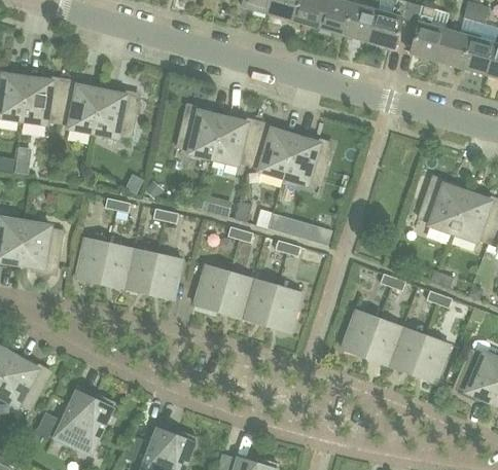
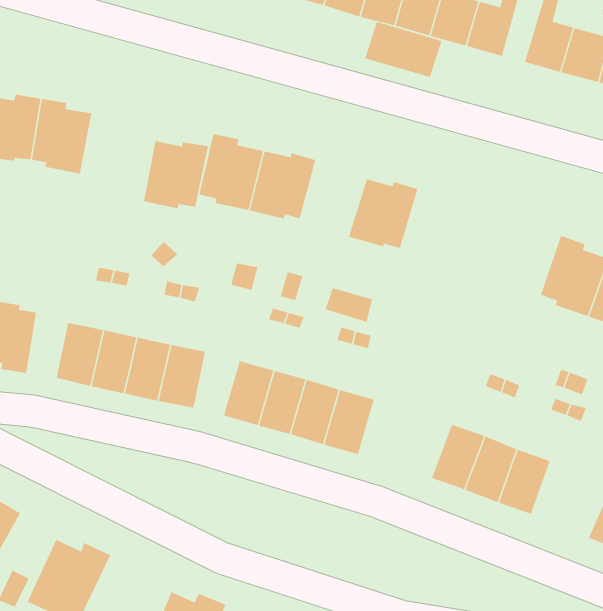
building: none -> [364,21,442,78]
building: [94,89,140,138] -> [143,140,209,209]
building: [249,122,295,177] -> none
building: [413,335,450,383] -> none

